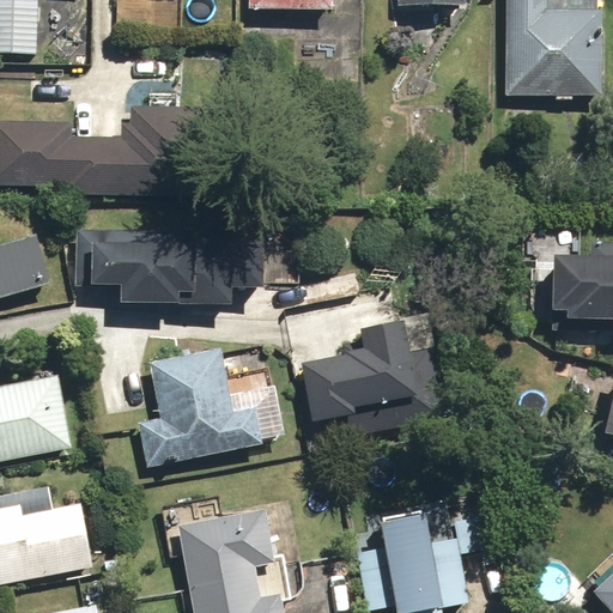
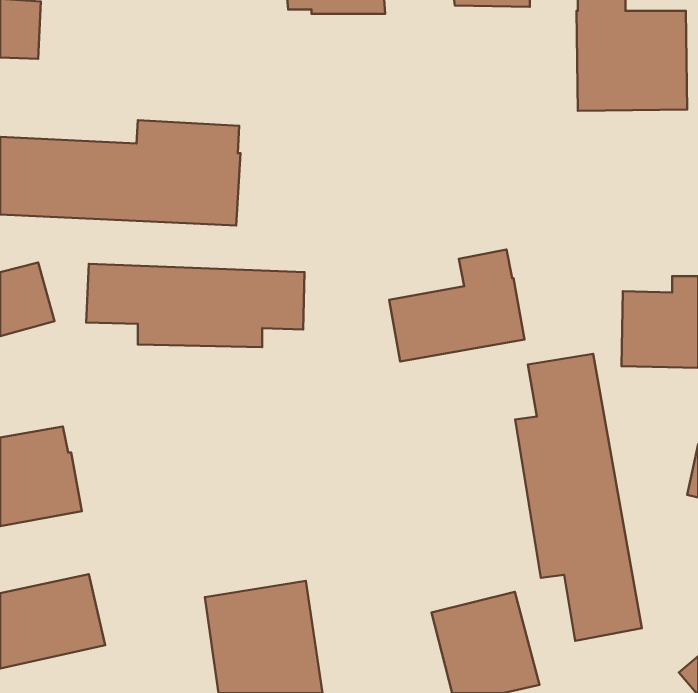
building: none -> [515,354,642,641]
building: [299,322,418,420] -> [389,249,524,361]
building: [144,347,257,465] -> none

